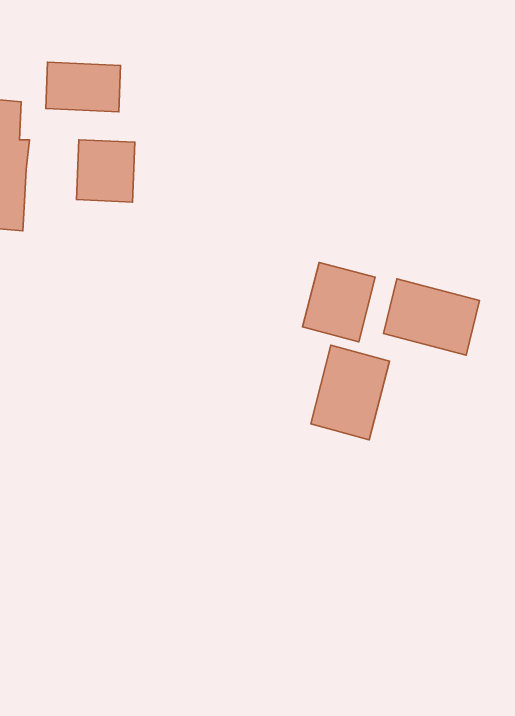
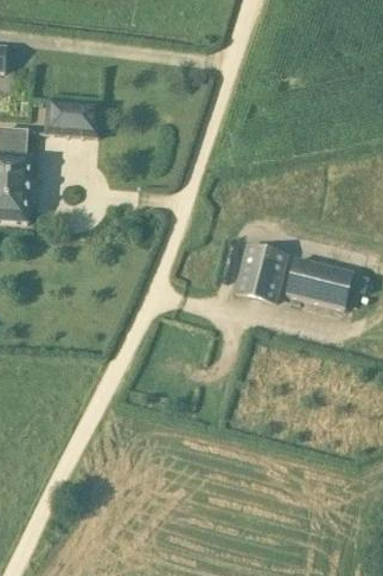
building: [77,140,135,202] -> none
building: [311,345,389,440] -> none

